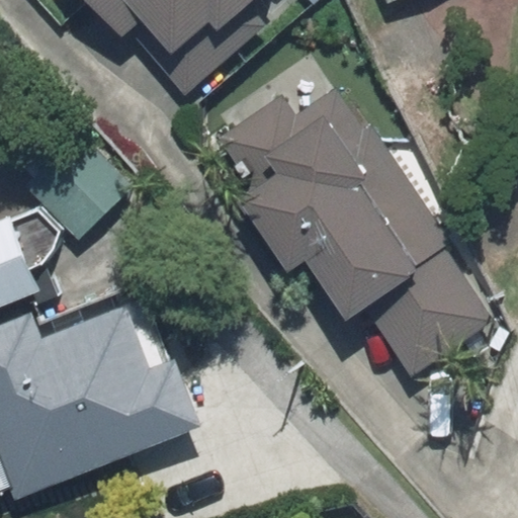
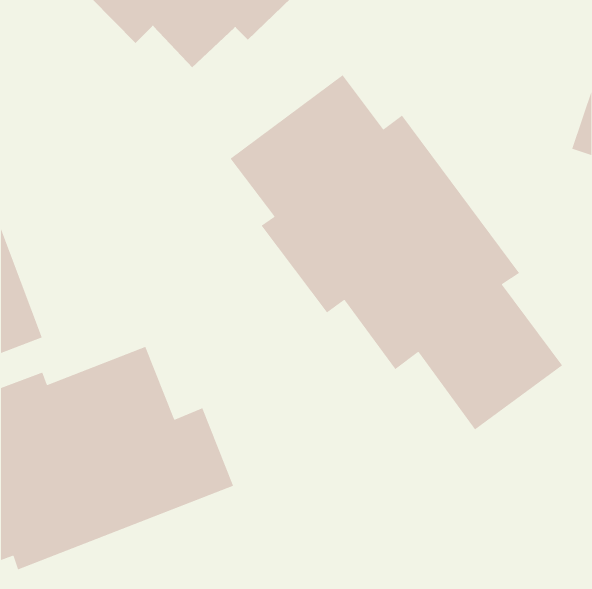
building: [28,128,153,250] -> none

